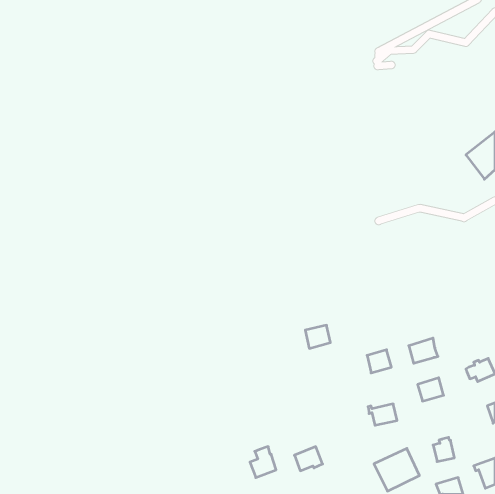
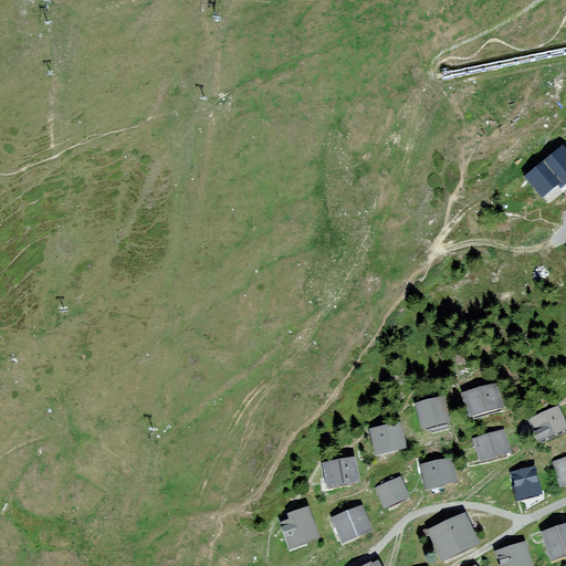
building: [305,325,330,348] -> [374,426,402,452]
building: none -> [326,460,356,484]
building: none -> [379,475,406,504]
building: [433,437,454,462] -> [514,469,538,496]

